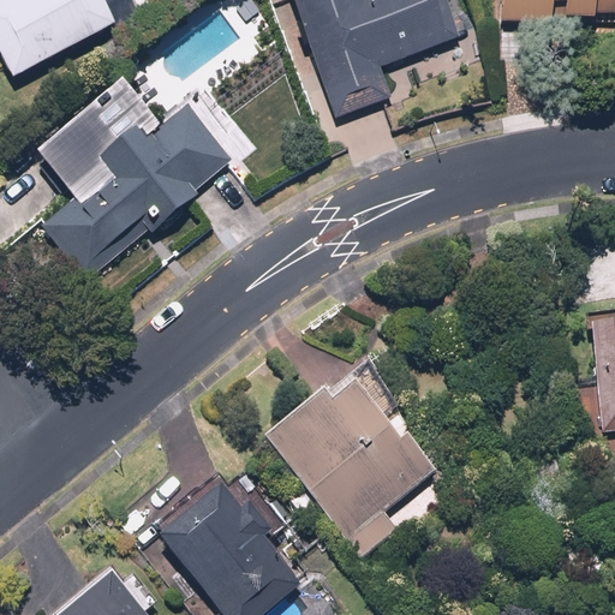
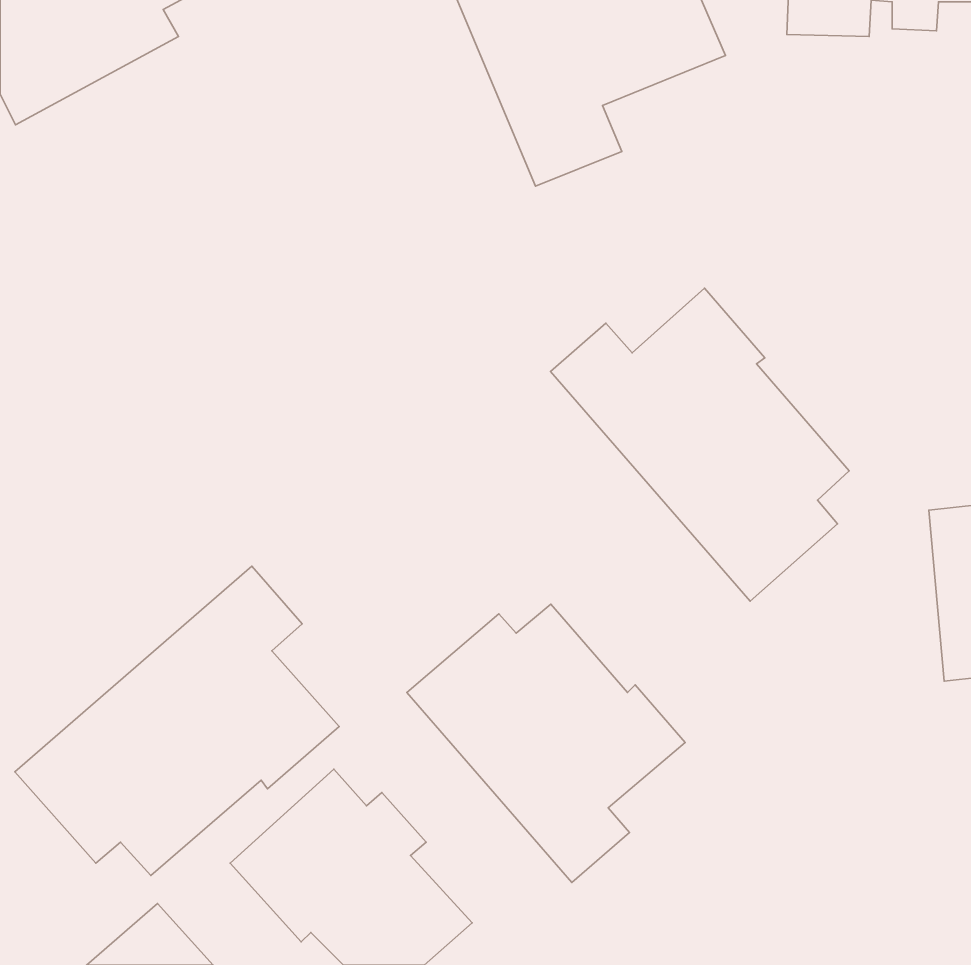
building: [35,80,234,275] -> none
building: none -> [551,288,849,601]
building: none -> [15,566,339,876]

